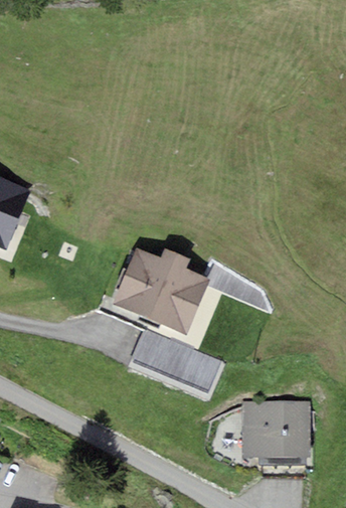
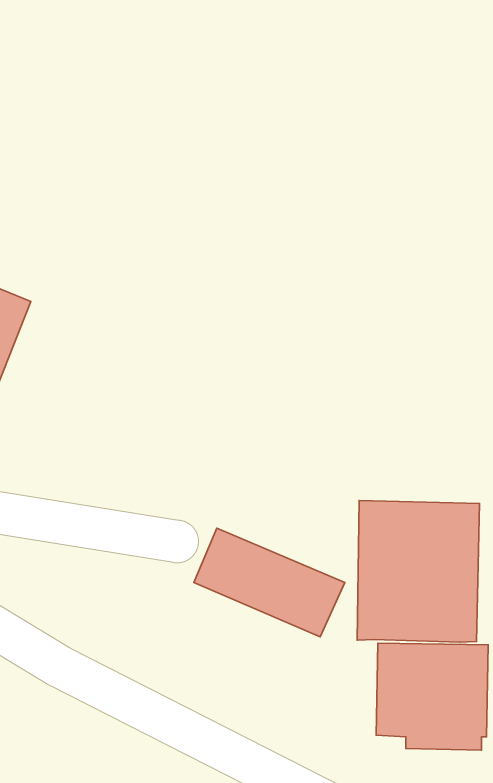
building: [112,247,209,334] -> none
building: none -> [357,500,479,642]

